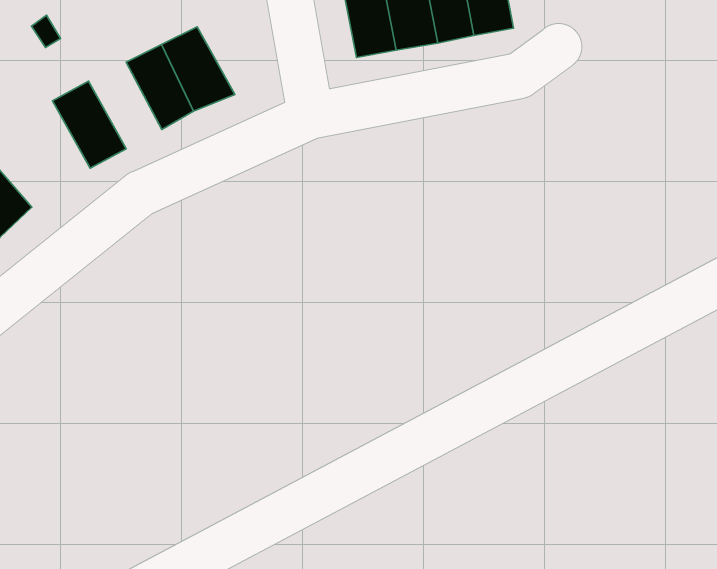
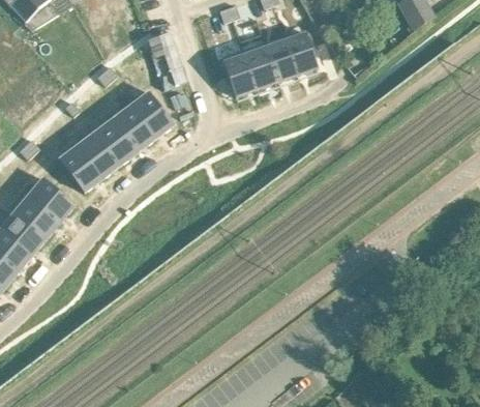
building: none -> [93,118,137,165]
building: none -> [58,145,101,192]

